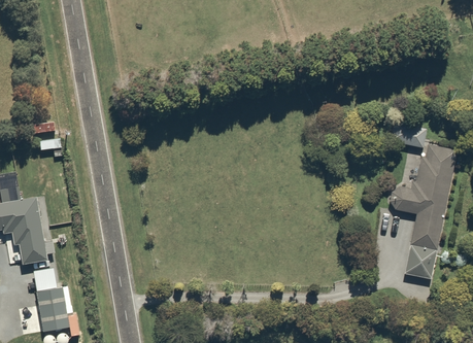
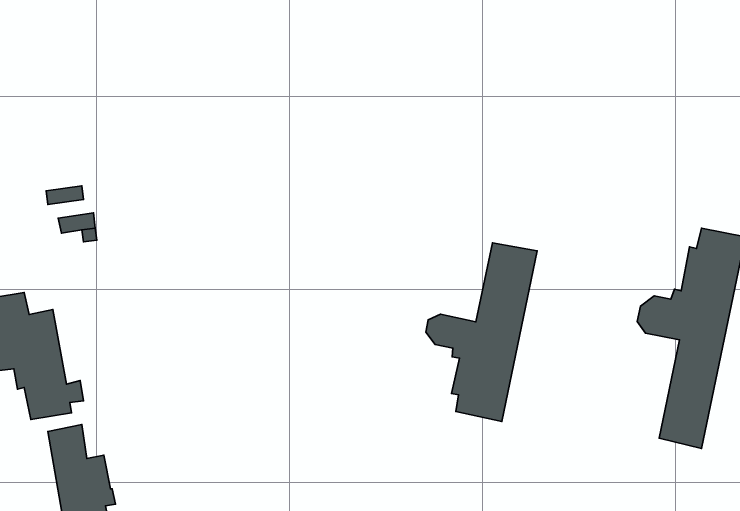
building: none -> [426,243,537,421]

